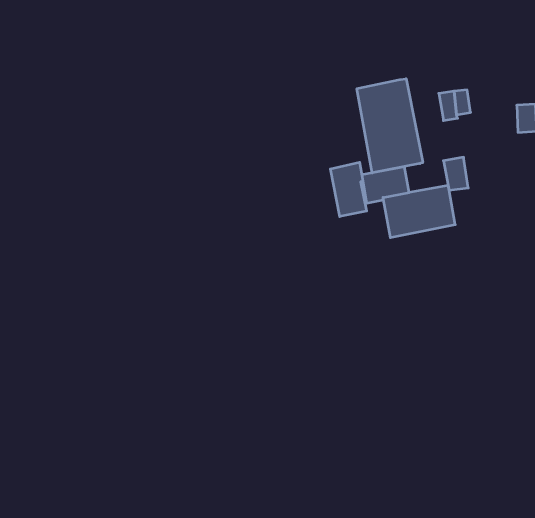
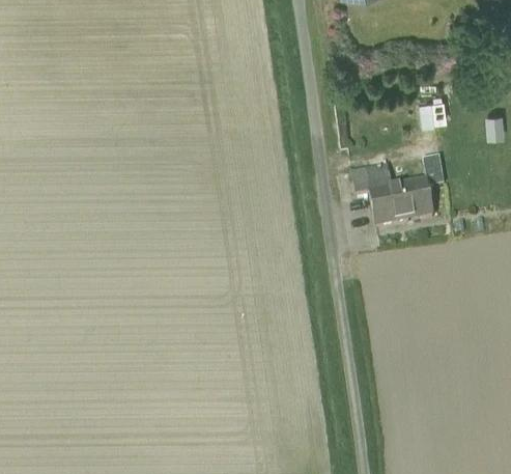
building: [357,79,423,173] -> none
building: [330,162,367,217] -> none

